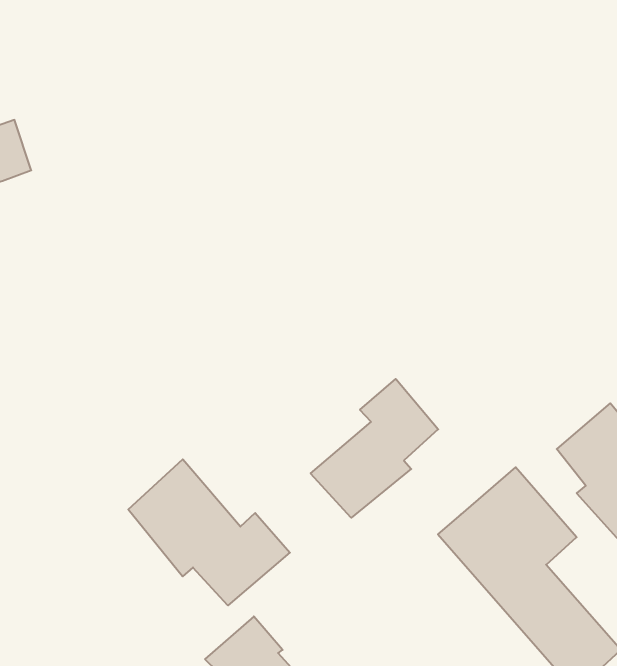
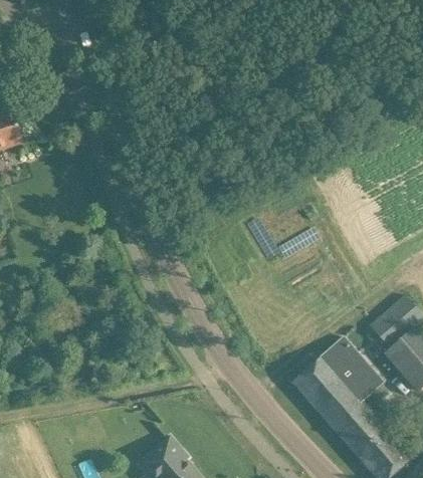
building: [311,379,438,518] -> none
building: [128,459,290,605] -> none

